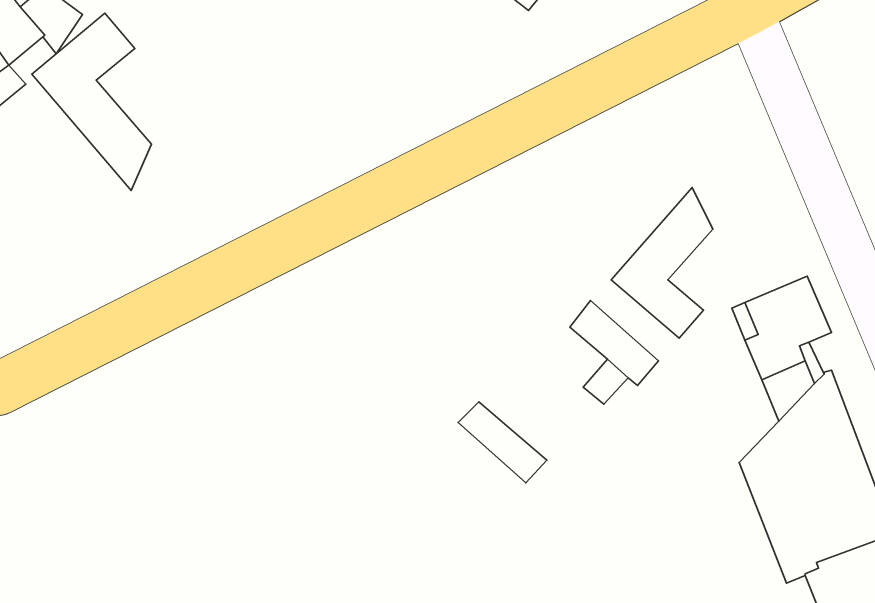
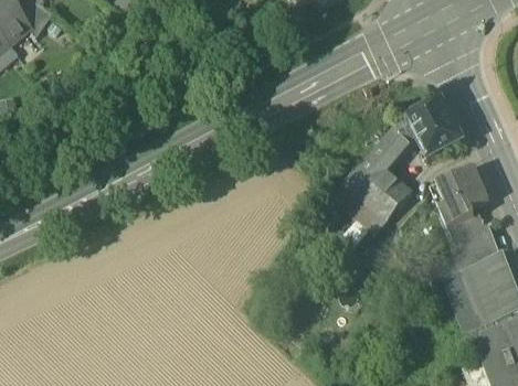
building: [32,13,152,190] -> none
building: none -> [409,97,464,156]
building: [458,402,547,483] -> [349,169,401,216]

